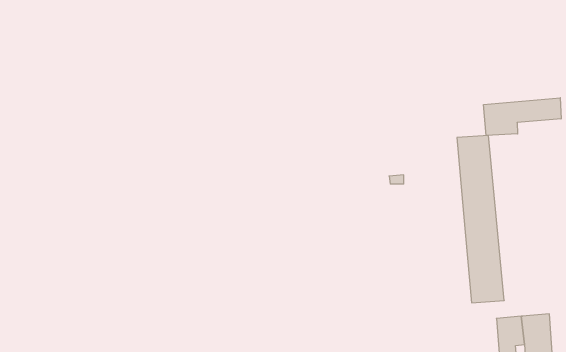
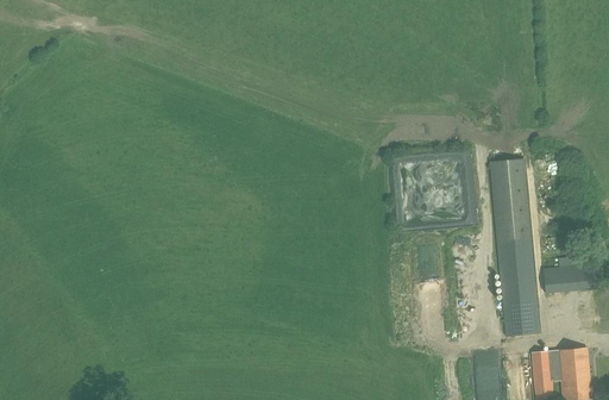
building: [484,98,561,135] -> none
building: none -> [544,263,595,292]

